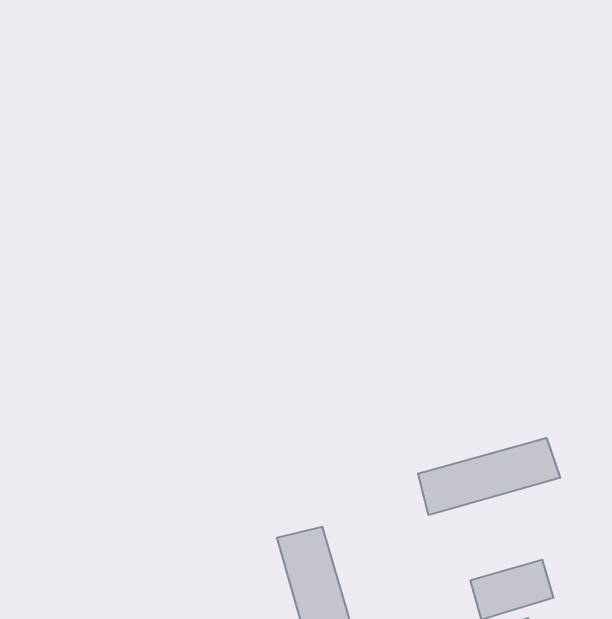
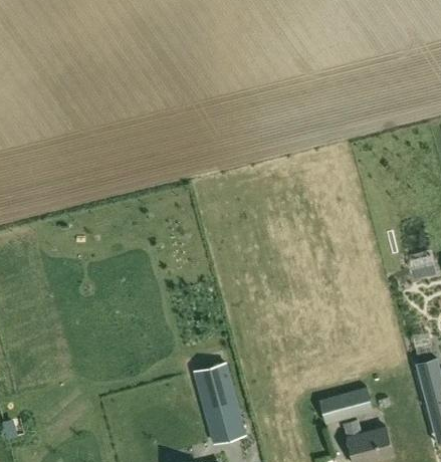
building: [418,438,560,515] -> none

